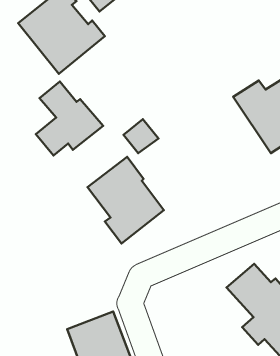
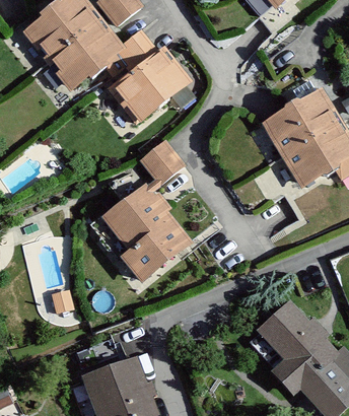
building: [36,82,103,155] -> [115,36,189,117]

